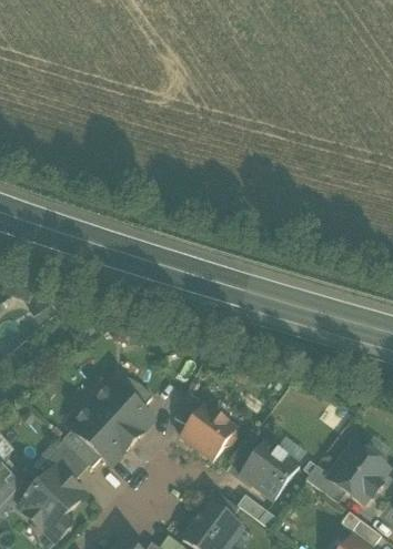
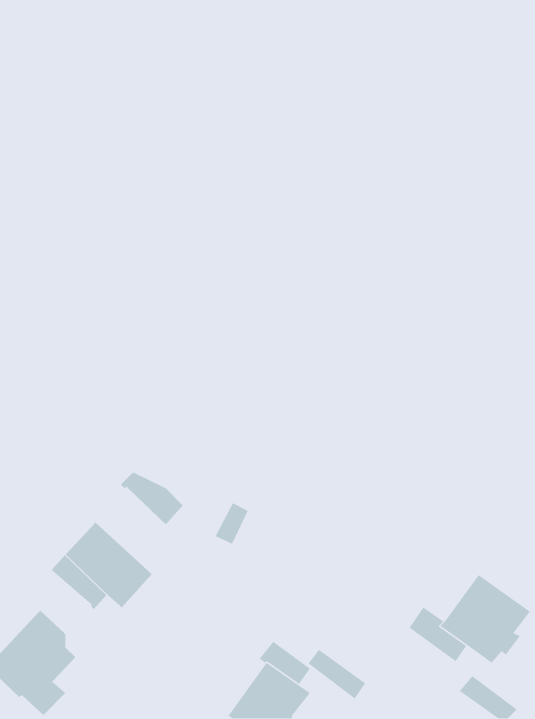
building: [91,384,151,443] -> none
building: [179,405,234,460] -> none
building: [43,440,87,482] -> none
building: [238,440,298,499] -> none

